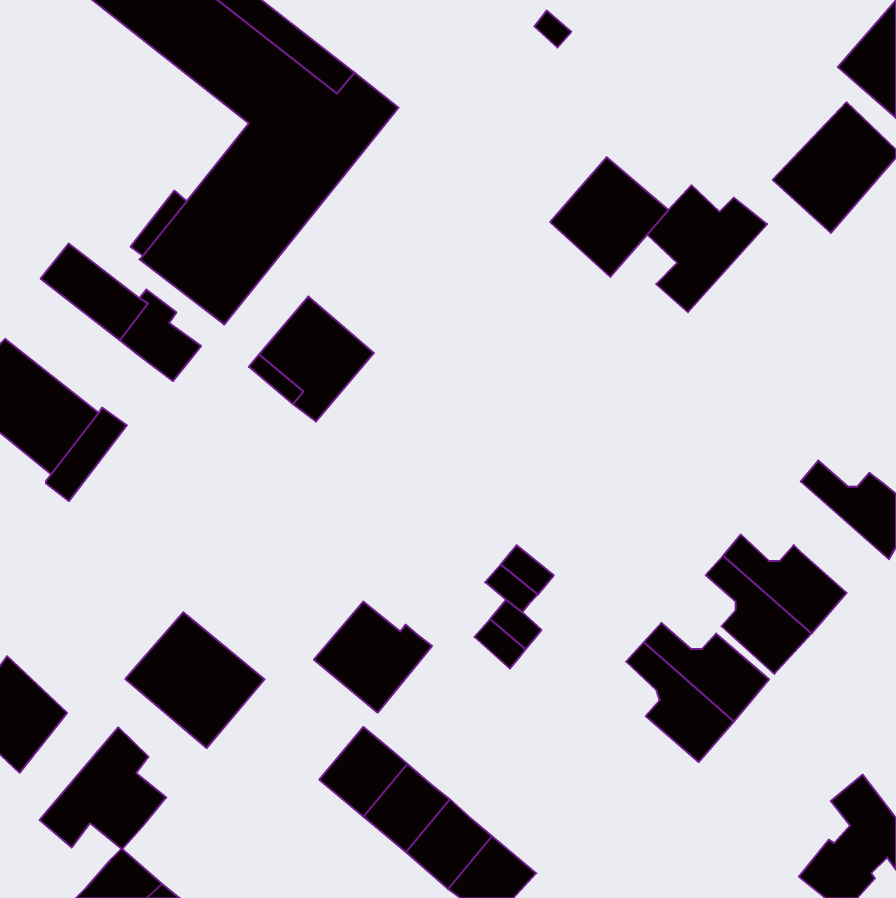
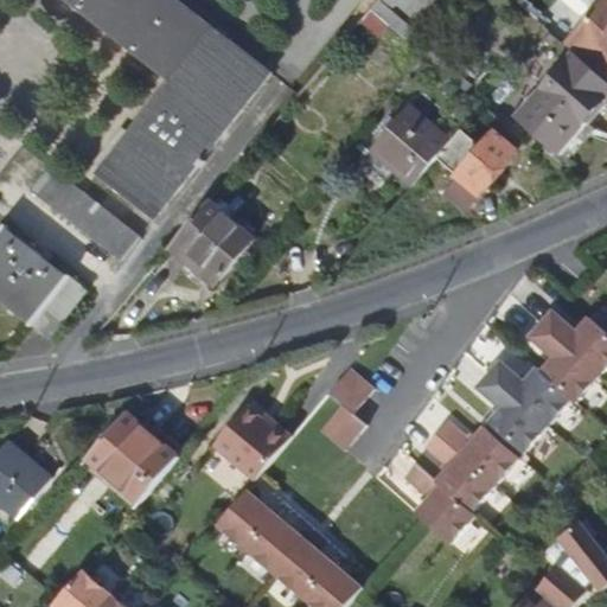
building: none -> [526,324,598,402]
building: none -> [402,464,473,543]
building: [40,727,166,849] -> none

